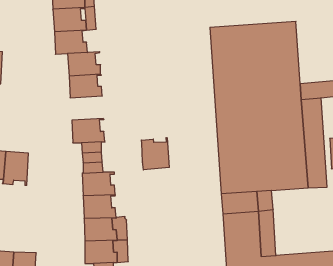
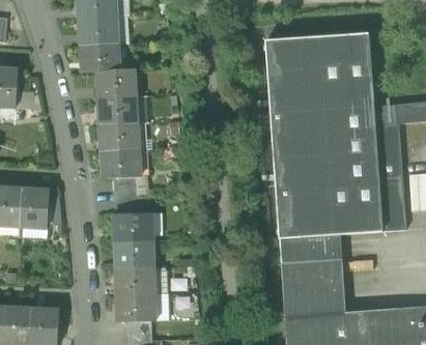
building: none -> [98,122,138,151]
building: [141,138,169,170] -> none

